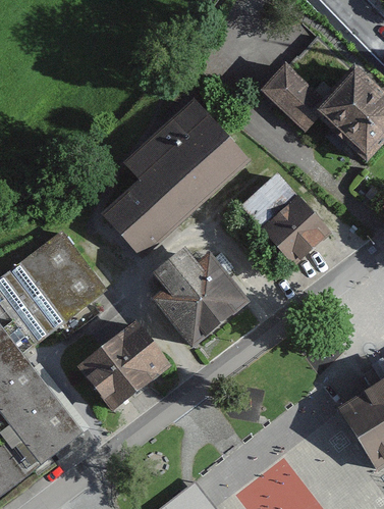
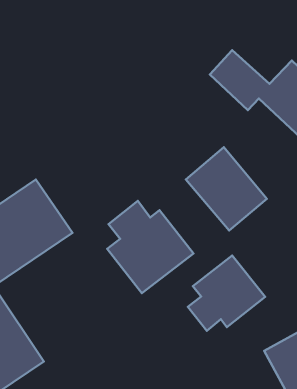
building: [101,99,252,260] -> none
building: none -> [188,255,265,331]
building: [76,320,170,411] -> none

